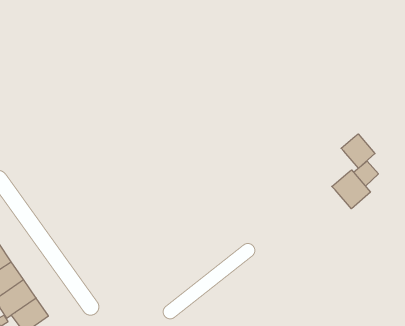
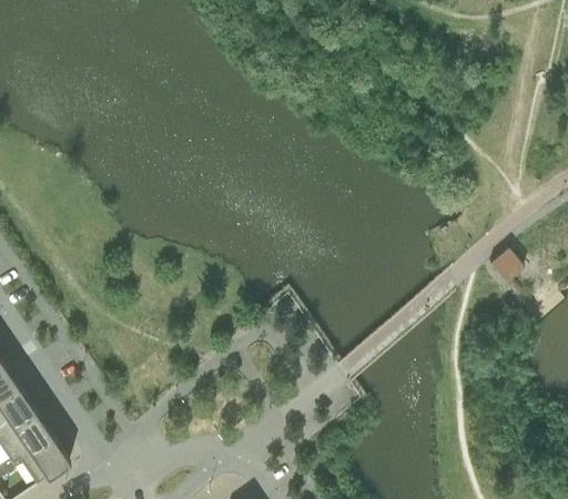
building: [341,134,375,168] -> none
building: [332,170,370,209] -> none

